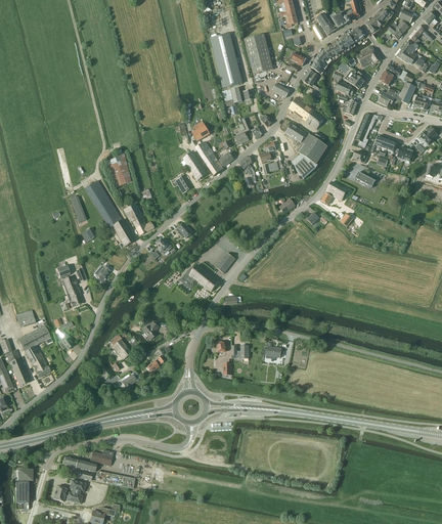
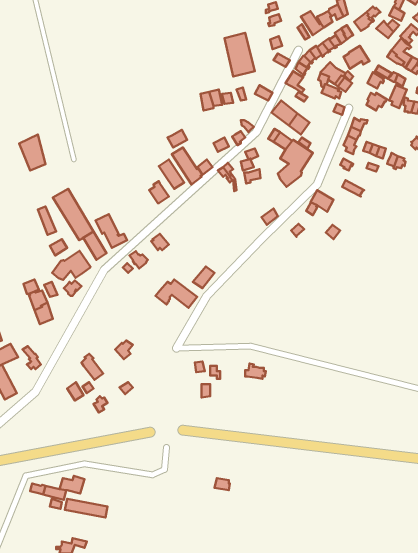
building: [210,34,242,88] -> none
building: [106,154,131,187] -> [19,135,46,171]
building: none -> [52,251,91,280]
building: [53,480,86,504] -> none

